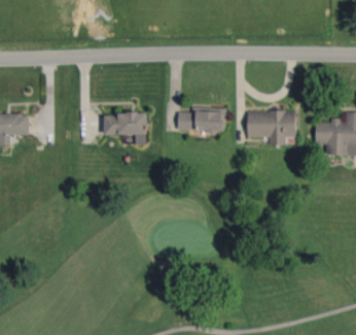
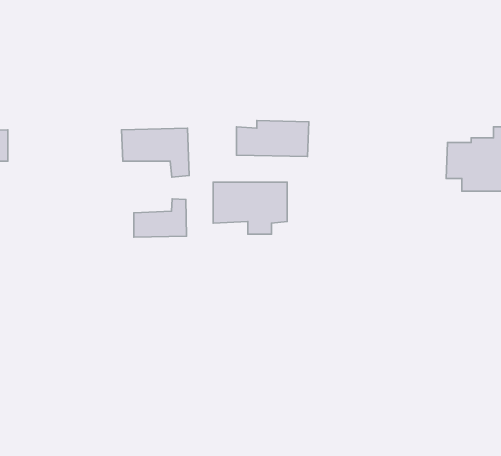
building: [247,110,295,144] -> [213,182,287,234]
building: none -> [134,199,186,237]

